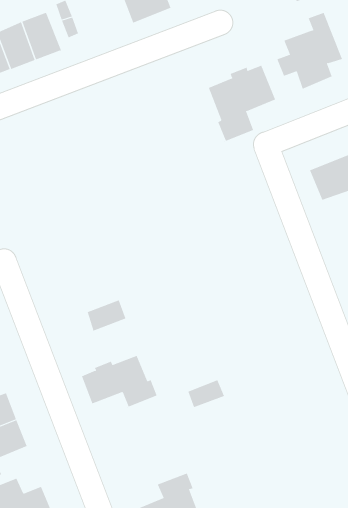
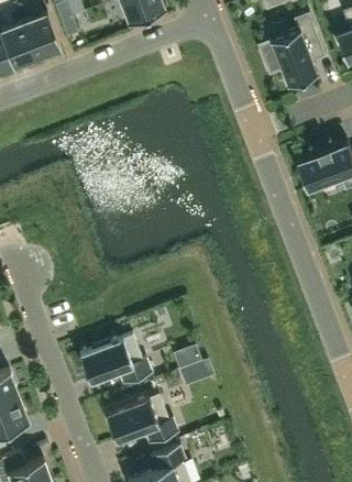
building: [208,65,276,142] -> none
building: [85,299,126,332] -> none
building: none -> [106,394,179,445]

